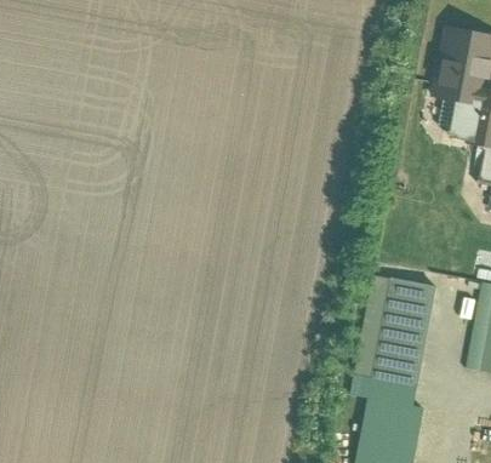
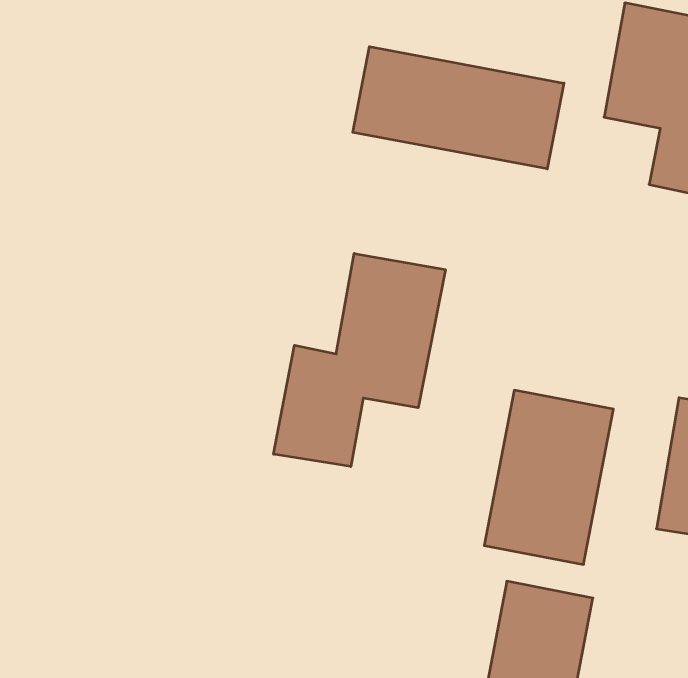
building: none -> [353,47,564,169]
building: none -> [274,253,445,467]

